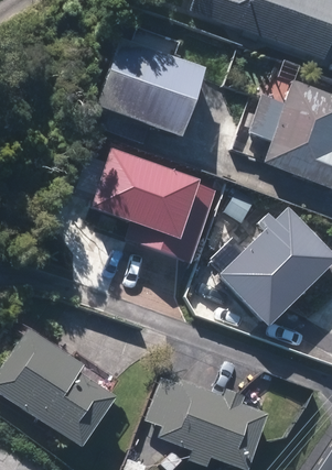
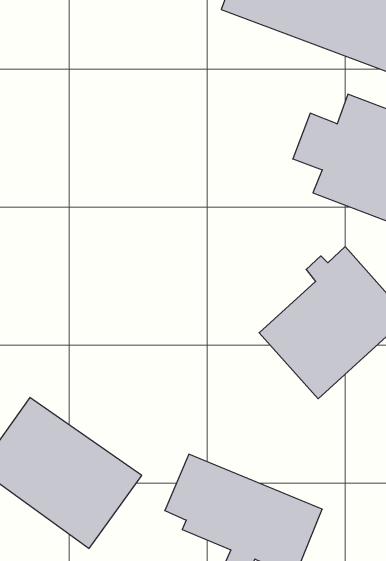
building: [93,35,205,138] -> none
building: [90,133,225,259] -> none

